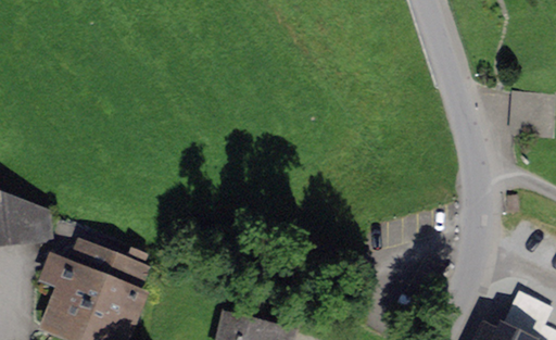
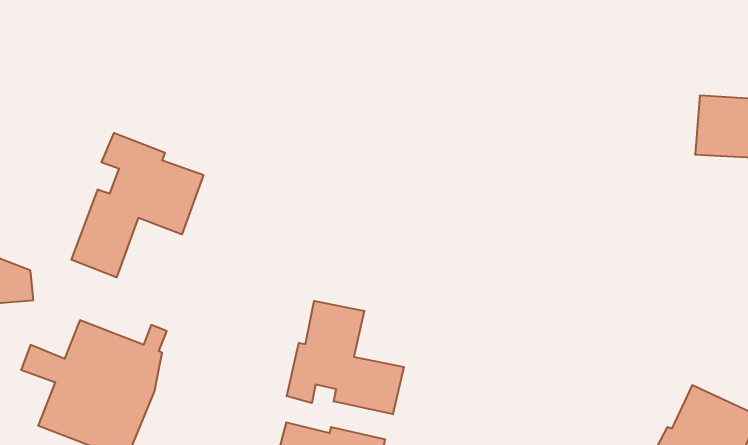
building: none -> [72,133,203,277]
building: none -> [287,301,404,414]

